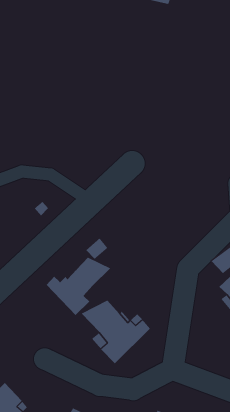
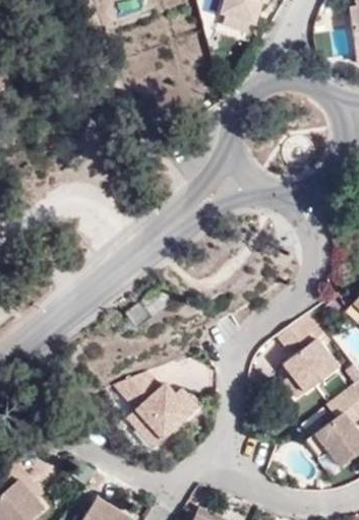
building: [46,257,111,316] -> none

